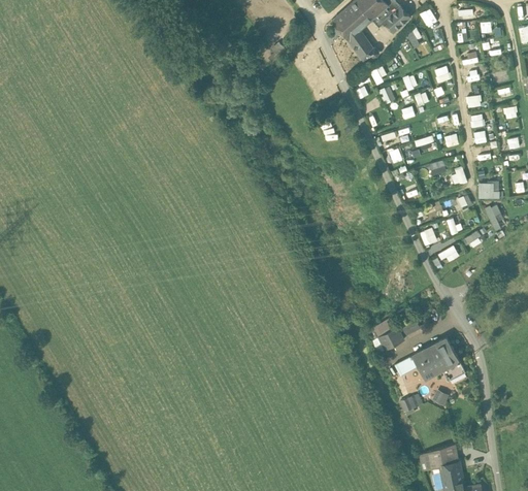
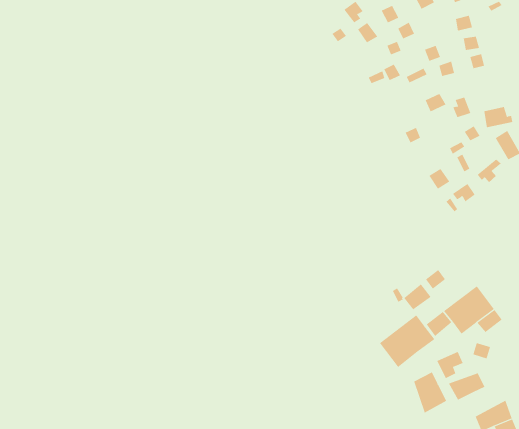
building: none -> [379,314,435,368]
building: none -> [413,372,447,413]
building: none -> [448,373,485,401]

